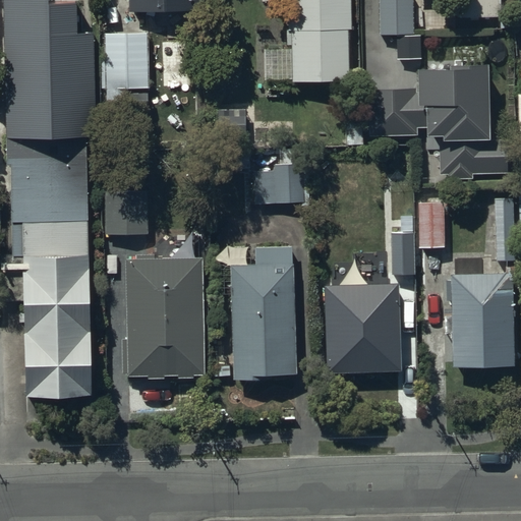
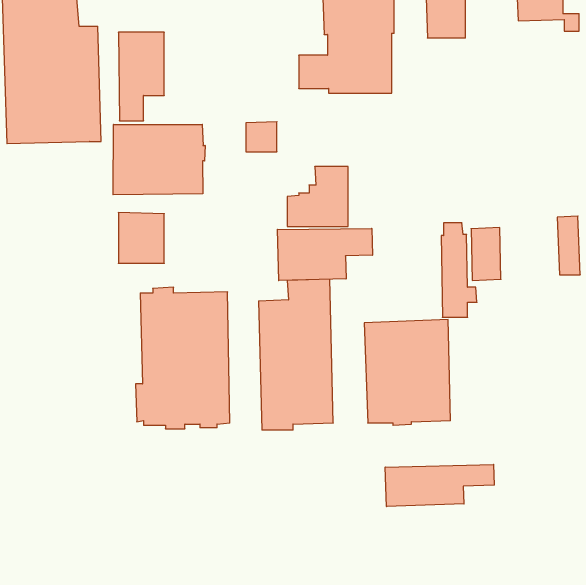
building: [368,66,509,180] -> none
building: none -> [113,124,205,195]
building: [7,125,92,397] -> none
building: none -> [277,228,372,281]
building: [442,273,514,367] -> none
building: none -> [385,464,494,507]

